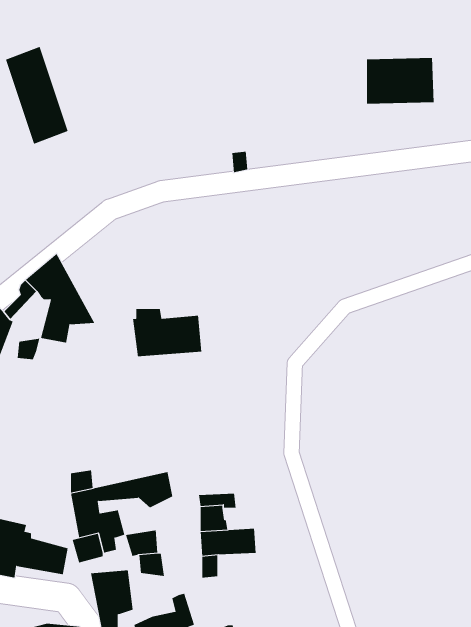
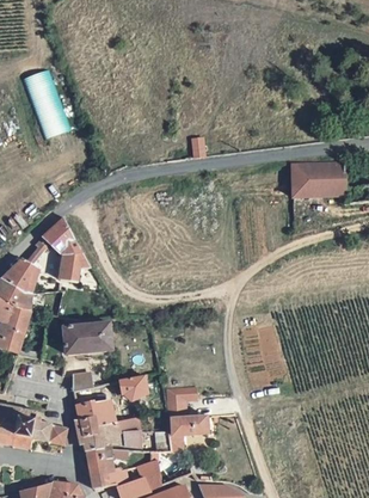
building: [366,57,435,104] -> [297,165,346,198]
building: [132,308,202,357] -> [62,316,112,351]
building: none -> [79,419,119,448]

